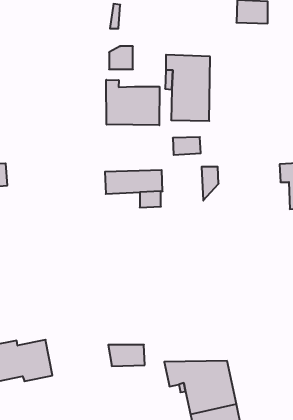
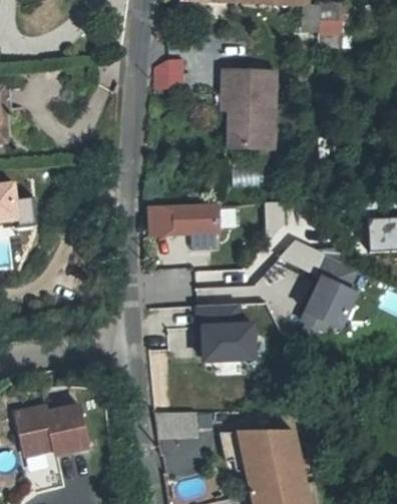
building: [106,80,159,125] -> none
building: none -> [300,255,357,331]
building: none -> [197,304,256,361]

